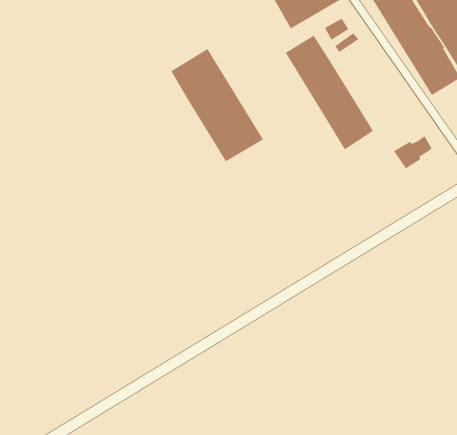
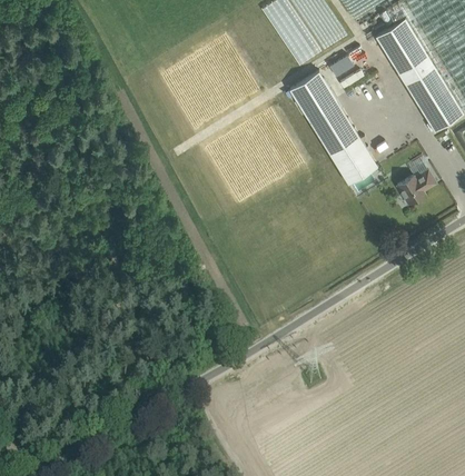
building: [171,48,264,162] -> none

